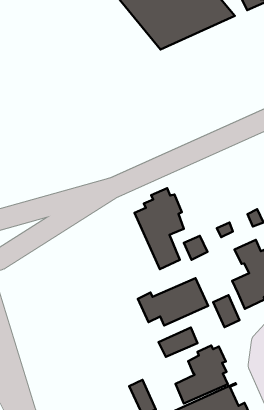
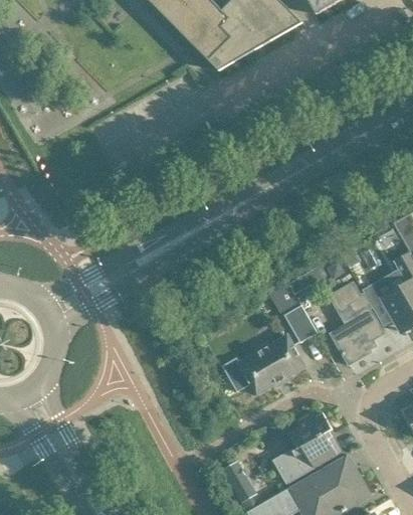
building: [135,188,184,269] -> none
building: [213,295,240,327] -> [284,305,318,343]
building: [159,328,198,357] -> none

